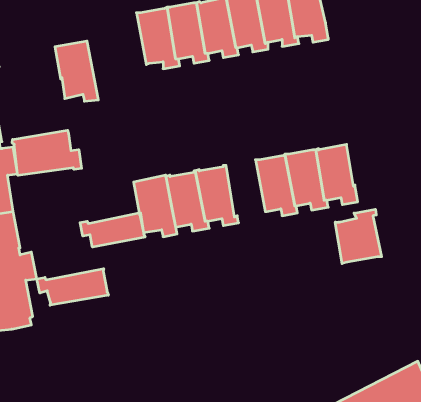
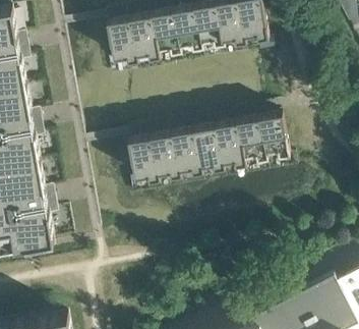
building: [55,41,98,101] -> [104,19,135,63]
building: [12,130,82,175] -> none
building: none -> [192,126,223,170]
building: [335,209,382,264] -> none
building: [80,213,145,247] -> none
building: [37,269,108,305] -> none

